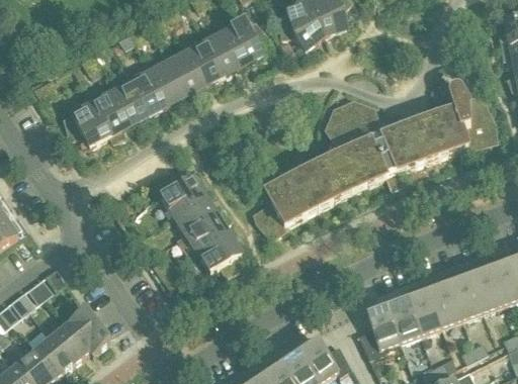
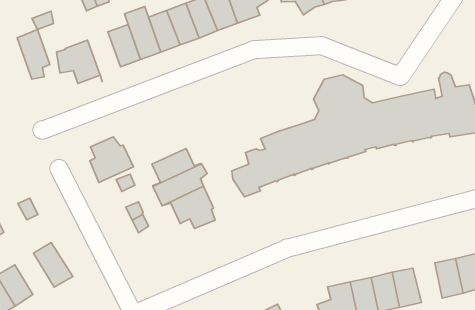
building: [93,89,130,139] -> [17,29,50,79]
building: [161,168,206,215] -> [90,137,133,182]
building: [449,276,483,317] -> none
building: [51,320,93,362] -> none

